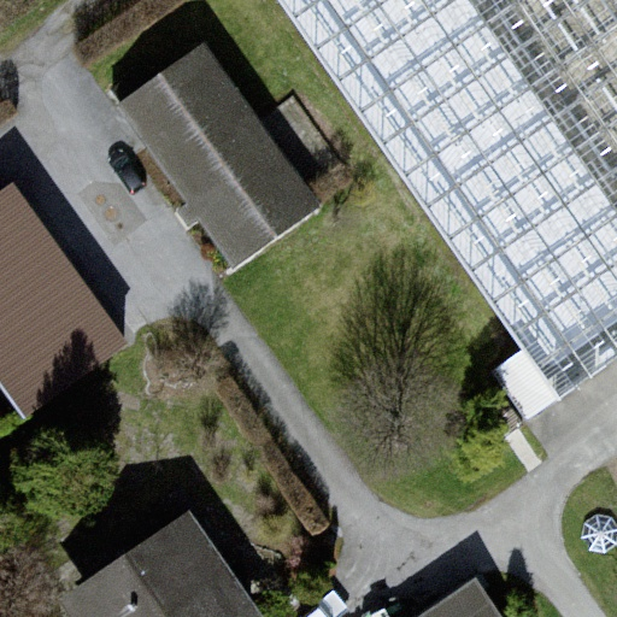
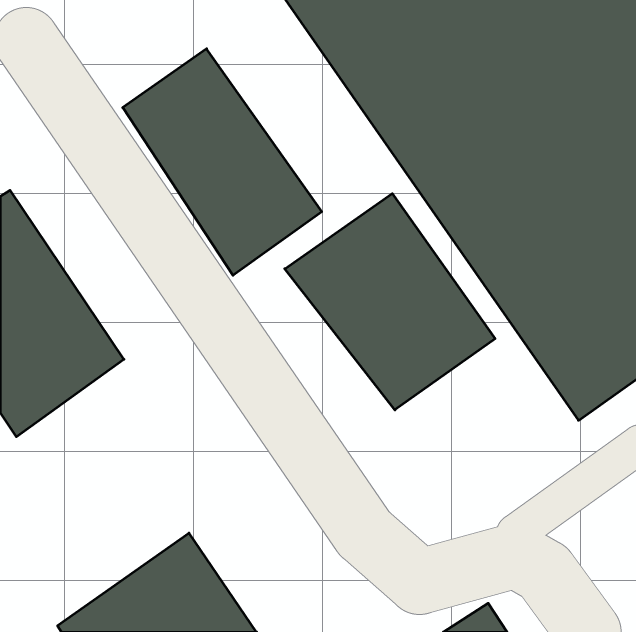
building: none -> [285,194,495,410]

